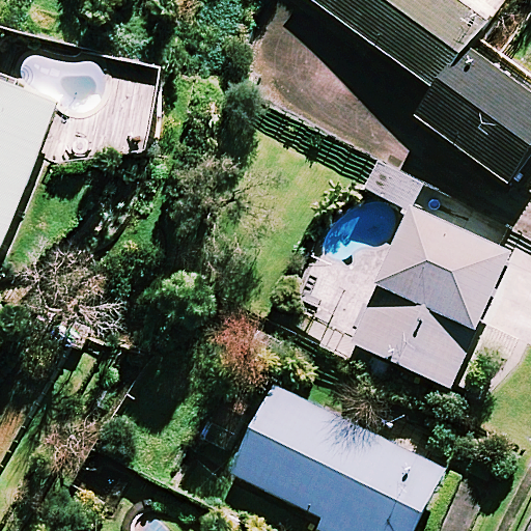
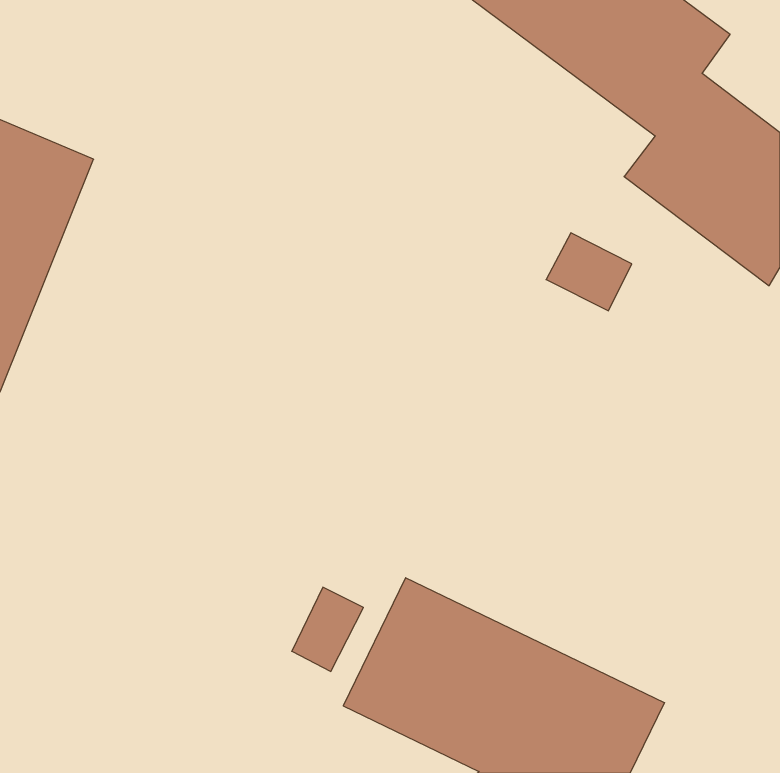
building: [348,209,513,389] -> none

